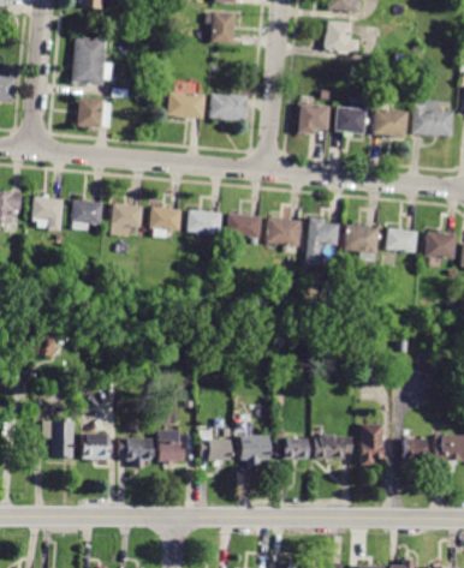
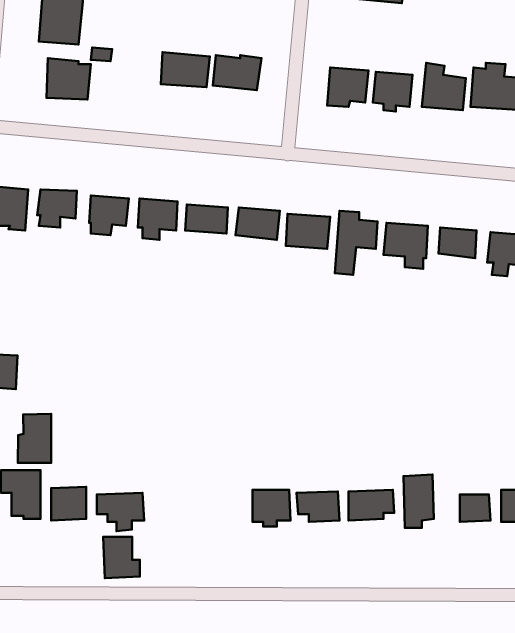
building: none -> [18,414,51,463]
building: [156,429,185,461] -> [103,537,140,578]
building: [200,429,231,460] -> none

